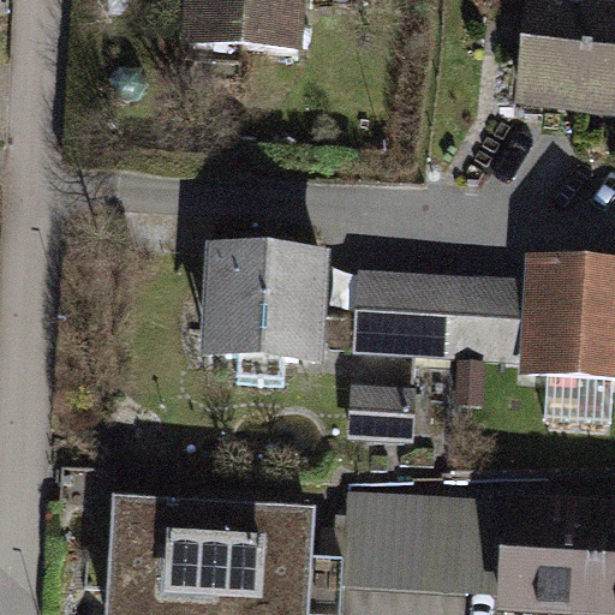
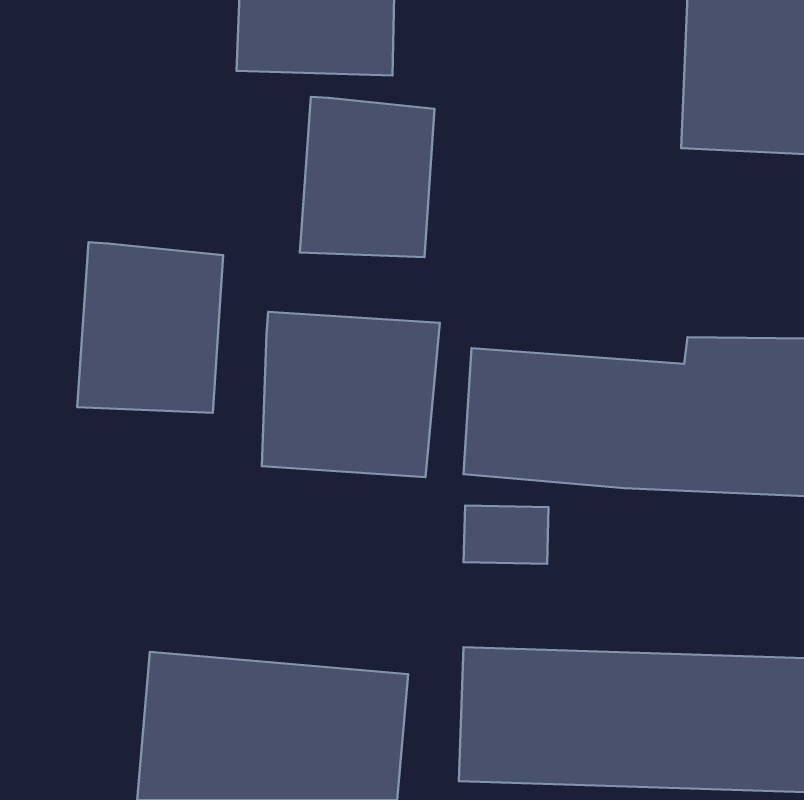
building: none -> [300,97,434,257]
building: none -> [77,242,223,413]

